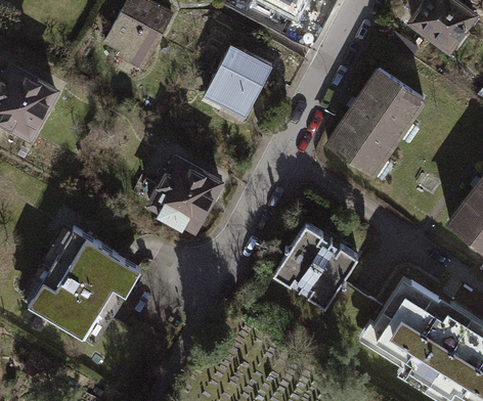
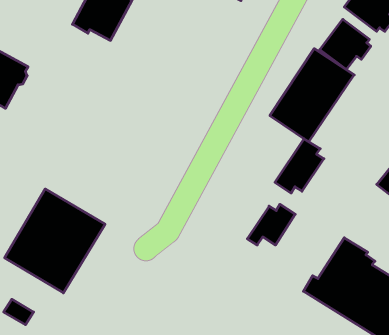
building: none -> [320,19,371,70]
building: [201,52,272,114] -> none
building: [150,158,219,227] -> none
building: [271,225,326,286] -> [275,139,324,193]

